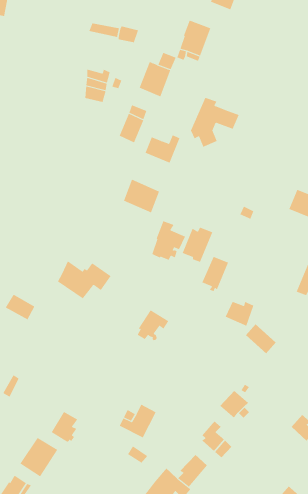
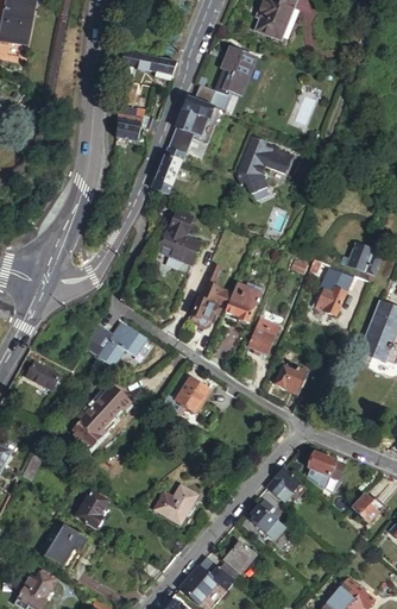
building: [145,134,180,163] -> none
building: none -> [311,258,347,316]
building: none -> [73,387,130,446]
building: [245,324,277,354] -> [304,450,340,484]

